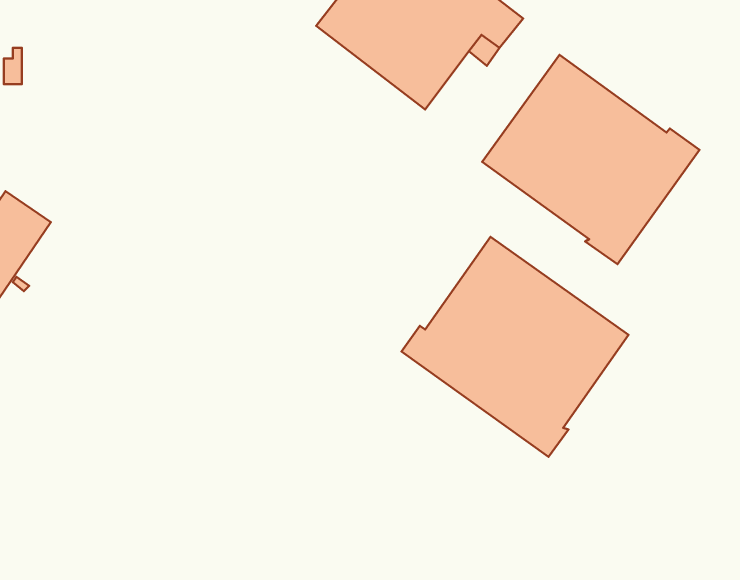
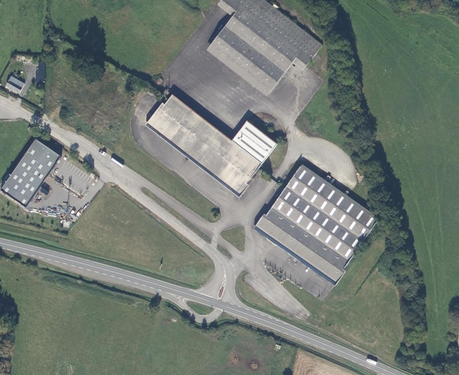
building: [482,55,699,264] -> none
building: none -> [145,94,277,195]

